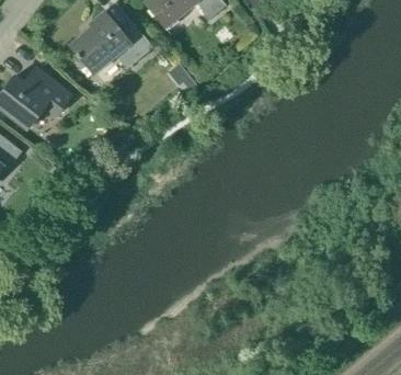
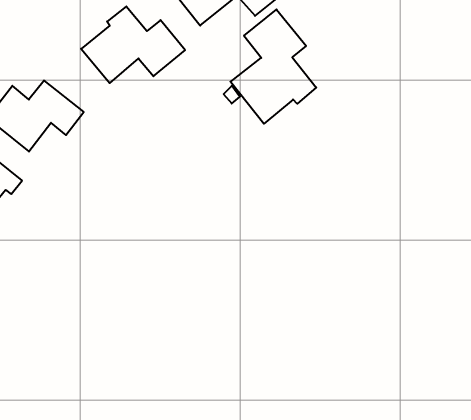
building: none -> [230,9,316,124]

